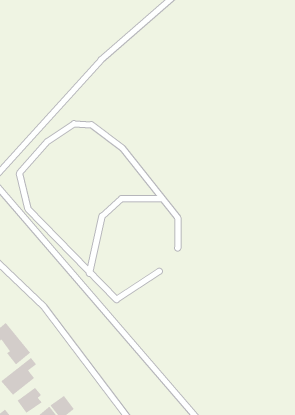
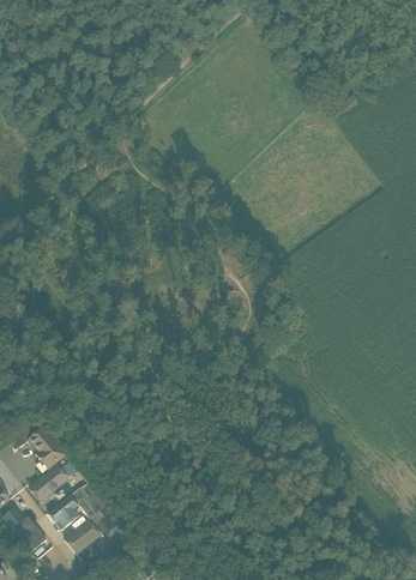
building: none -> [70,481,105,516]

